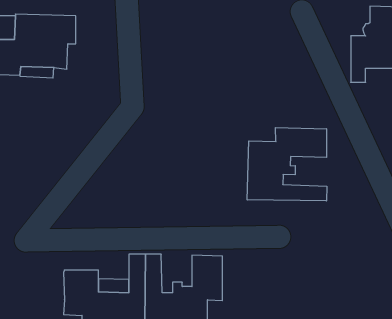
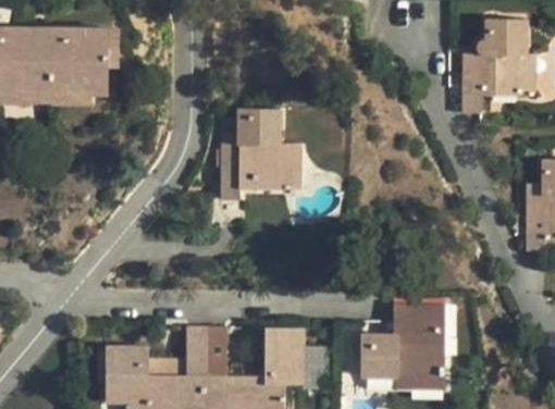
building: none -> [220,108,293,199]
building: [247,128,327,201] -> none
building: none -> [360,303,445,387]

